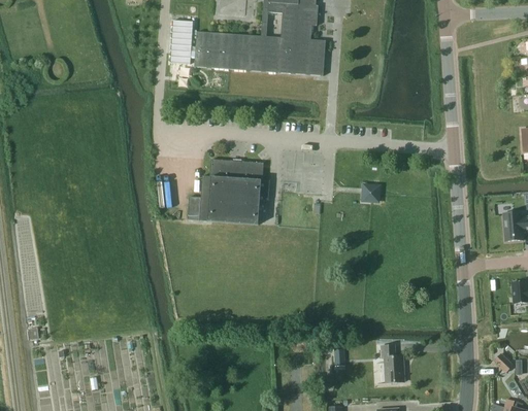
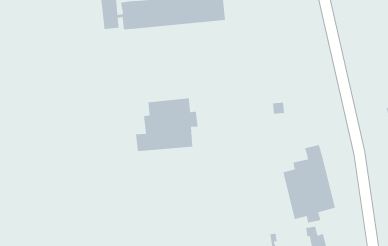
building: none -> [283,144,336,224]

